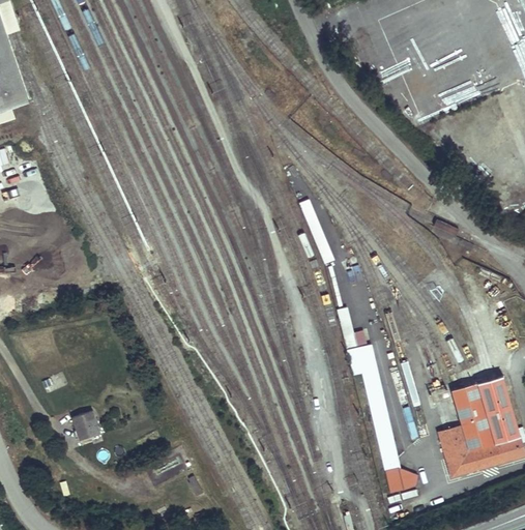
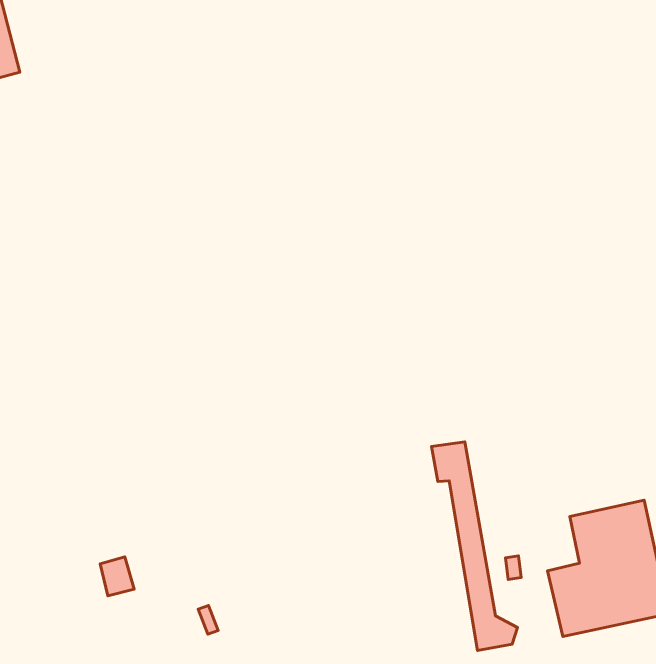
building: [72,412,98,441] -> [100,557,134,596]

